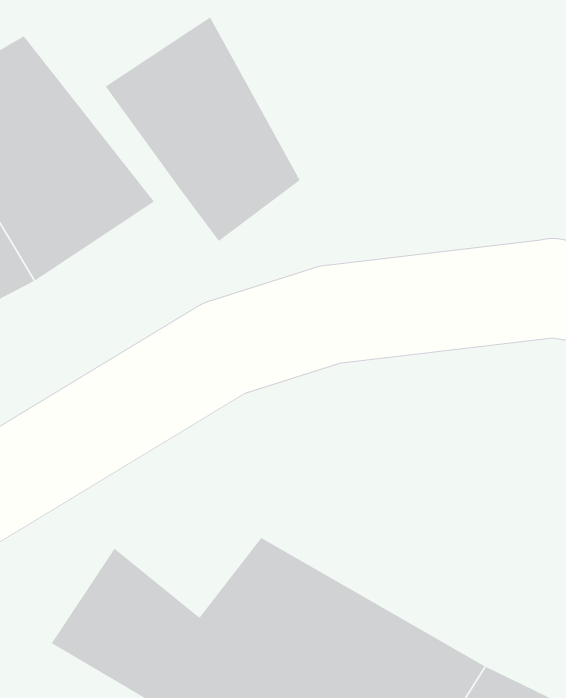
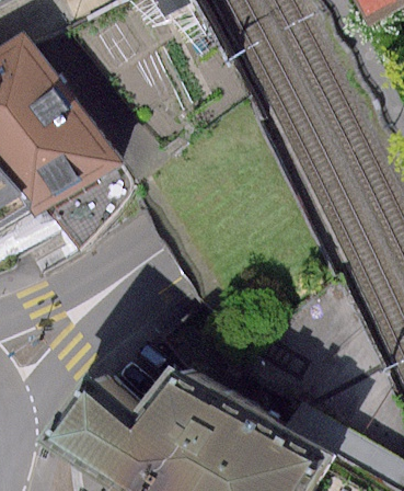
building: [105,17,300,242] -> none

